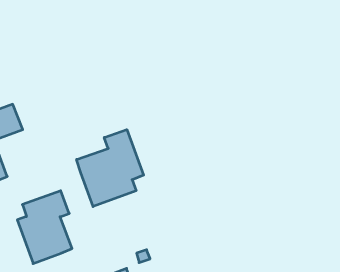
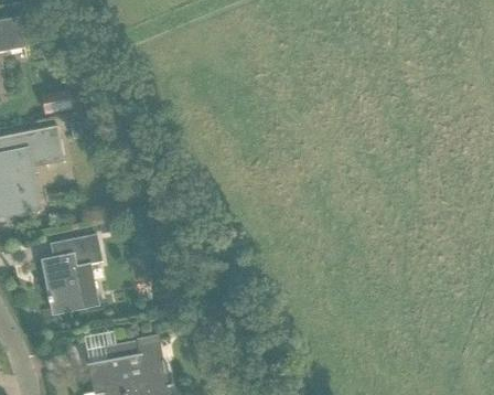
building: [77,130,144,207] -> none

